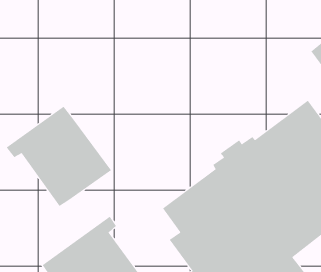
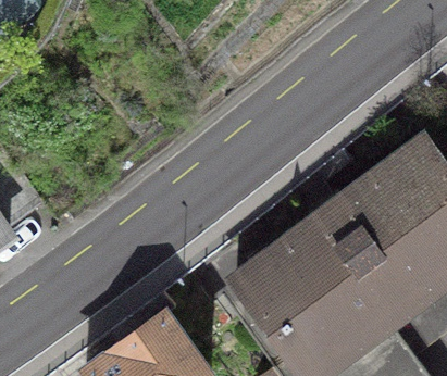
building: [6,106,112,207] -> none

